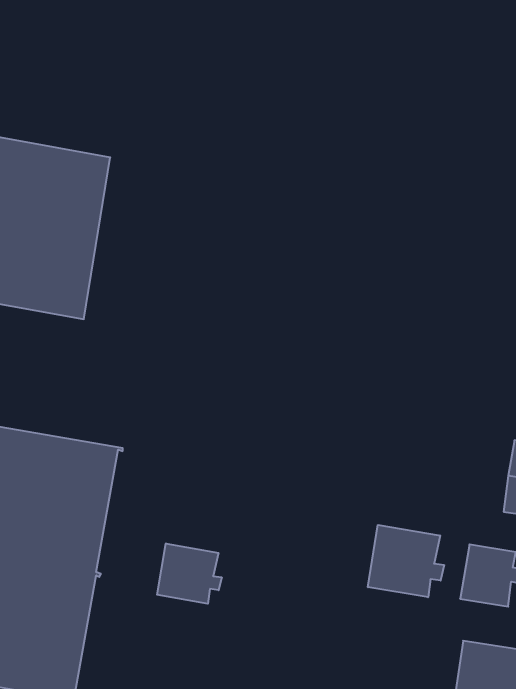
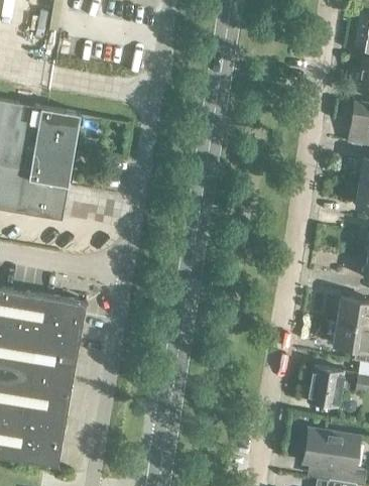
building: [368,525,444,597] -> none
building: [157,543,222,604] -> none

